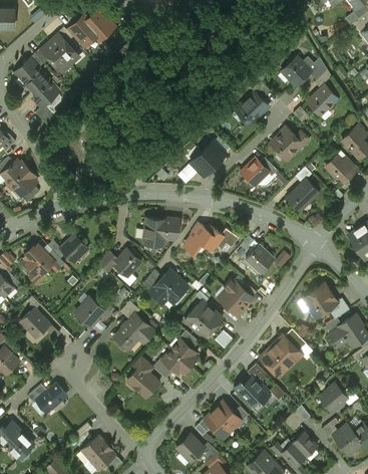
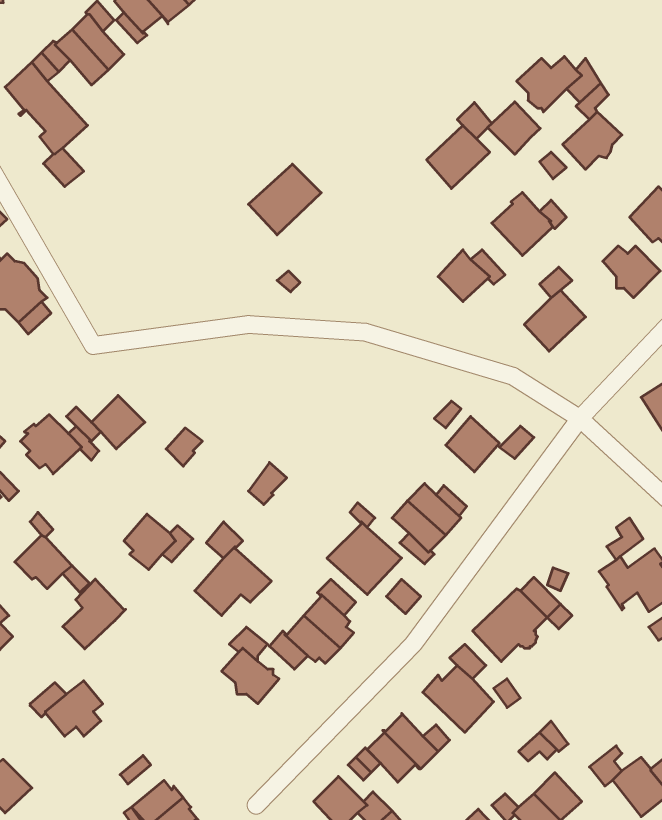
building: none -> [487,102,540,154]
building: [186,138,224,175] -> [248,164,321,235]
building: [142,218,179,245] -> none
building: [188,227,223,253] -> none
building: [113,249,140,276] -> none
building: [154,271,188,303] -> none
building: [302,283,333,316] -> none
building: none -> [63,579,126,649]
building: [319,383,347,412] -> none

